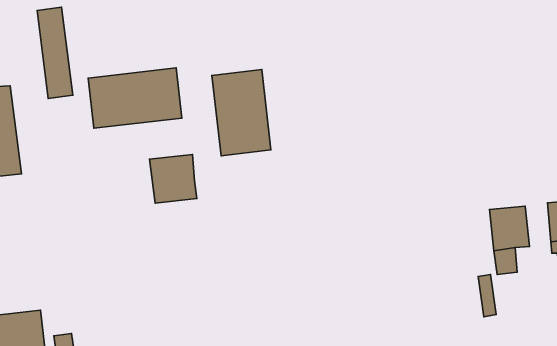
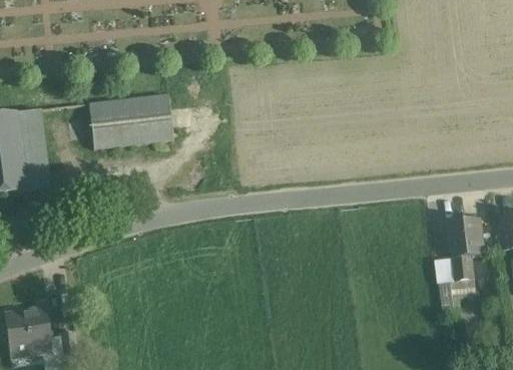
building: [37,7,73,99] -> [18,106,50,189]
building: [212,70,271,156] -> none
building: [150,154,197,203] -> none

